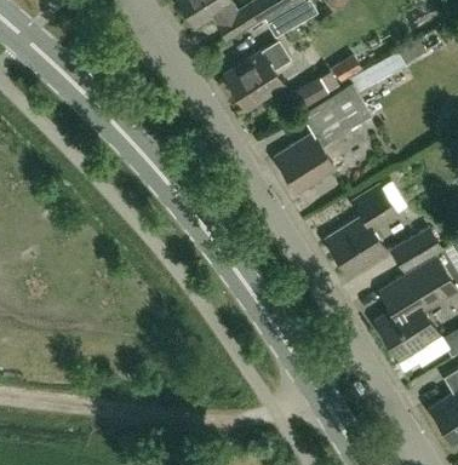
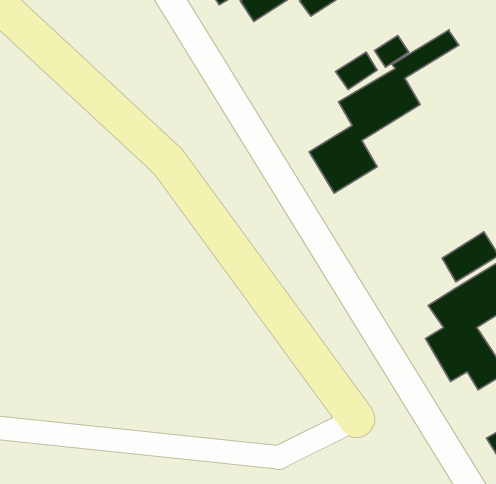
building: [224,41,291,113] -> none
building: [325,186,397,277] -> none

